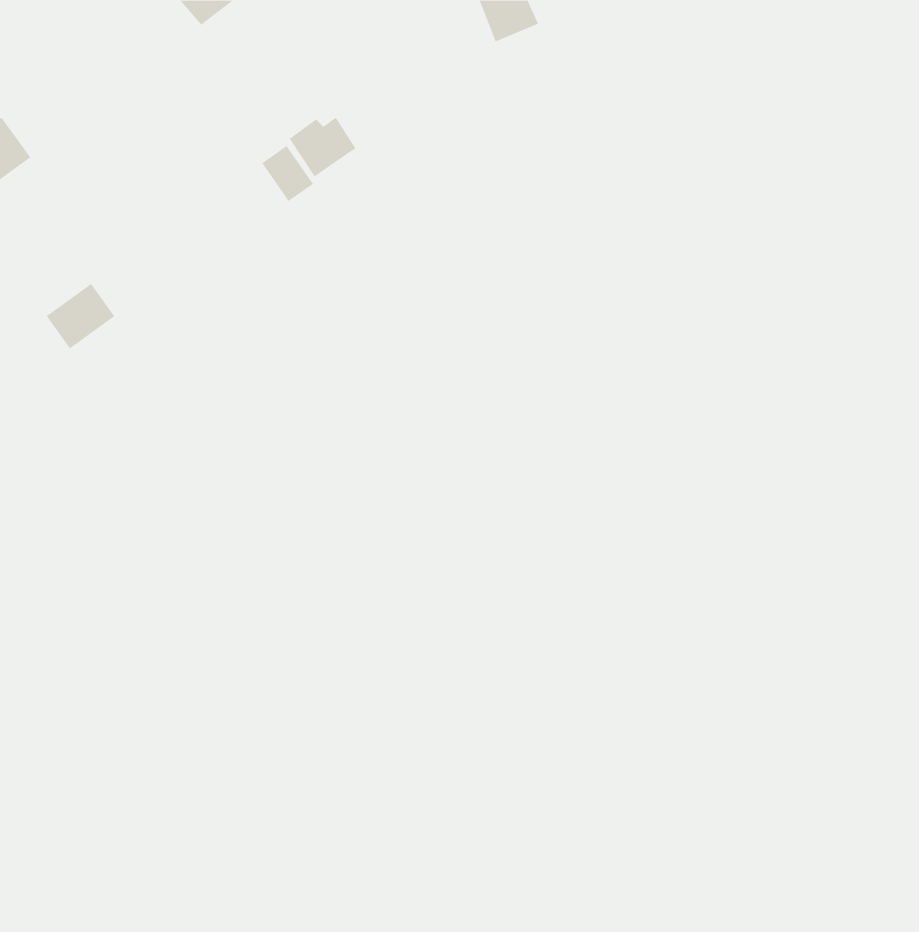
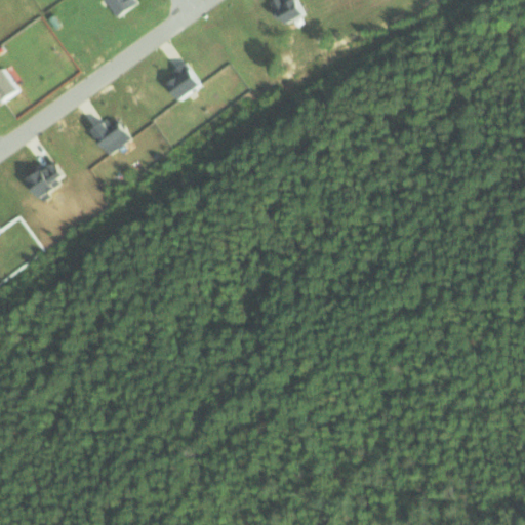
building: [261,145,314,202] -> none
building: none -> [89,120,128,149]

